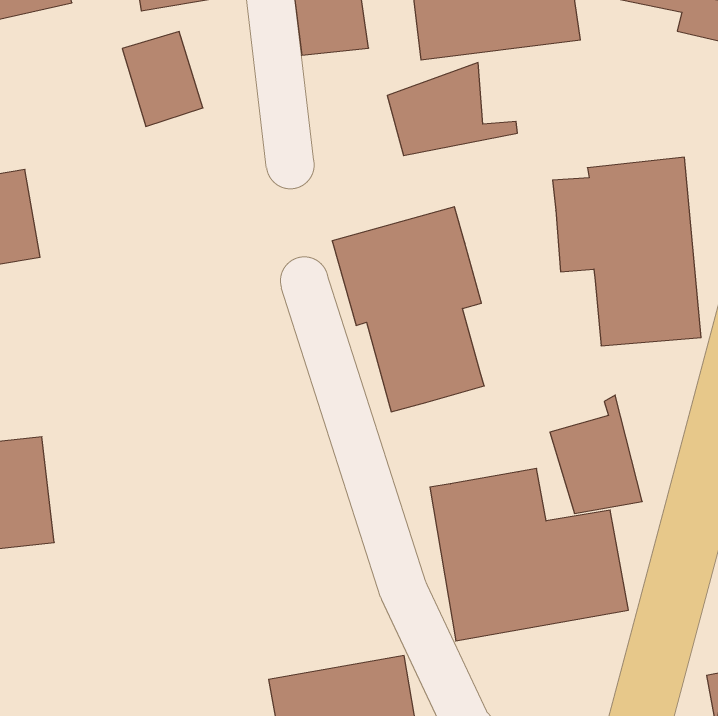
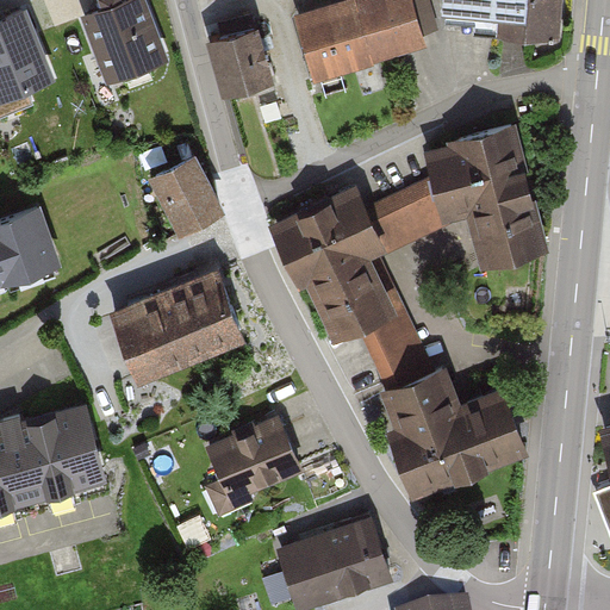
building: [122,32,203,126] -> [151,163,217,236]
building: [387,63,517,156] -> [366,176,465,253]
building: none -> [107,267,244,380]
building: [550,395,642,513] -> [356,297,431,387]
building: none -> [204,417,300,522]

